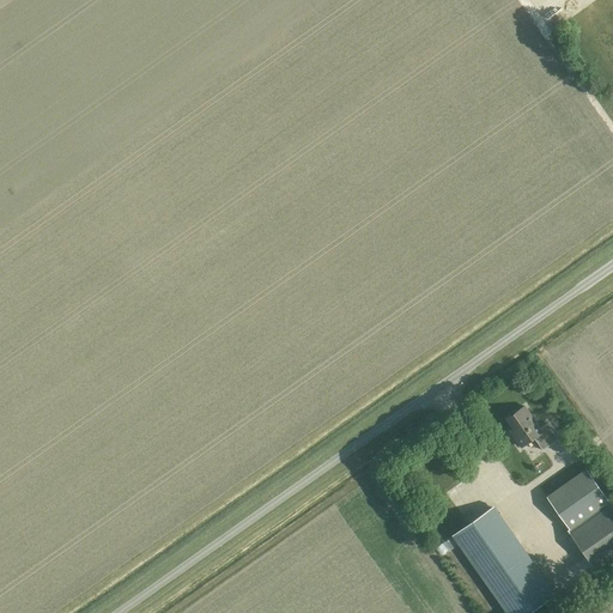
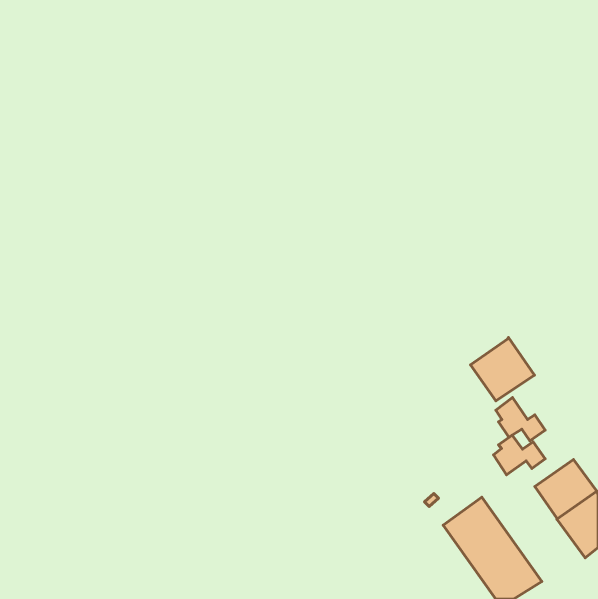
building: none -> [470,338,534,401]
building: none -> [494,435,545,475]

